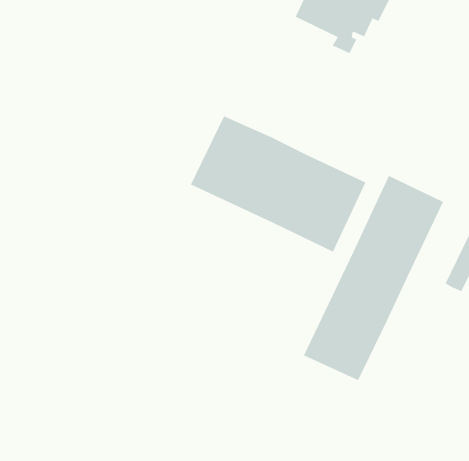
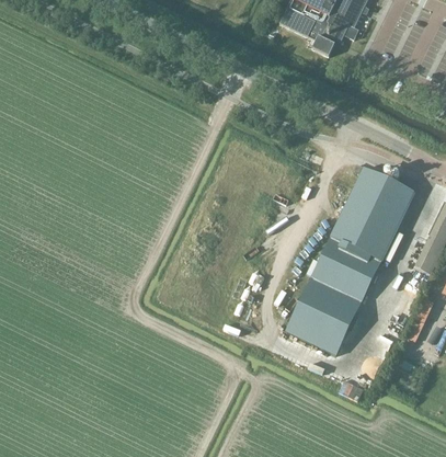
building: [190,115,366,252] -> none

